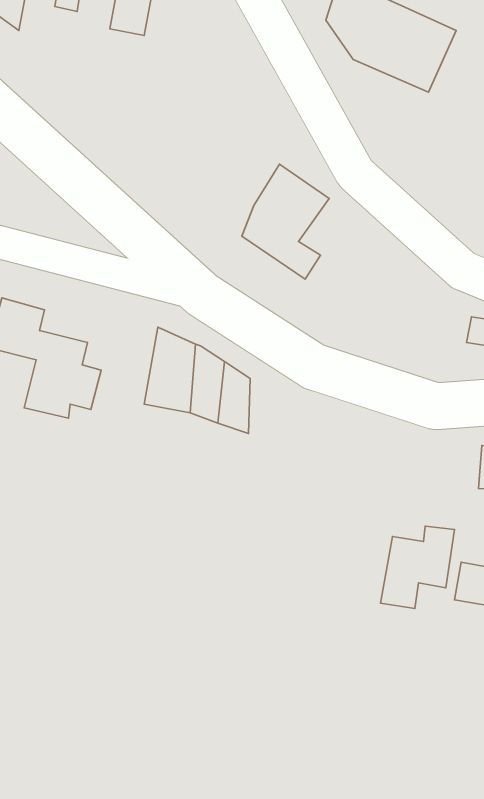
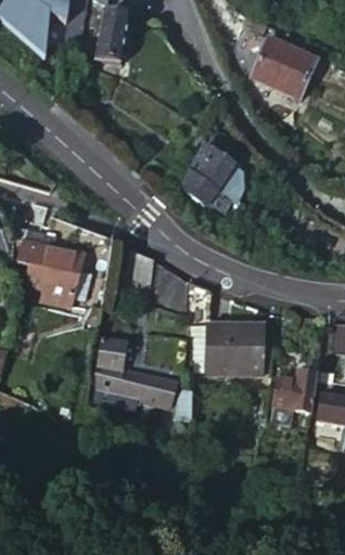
building: none -> [189,281,265,372]
building: none -> [95,336,175,405]

